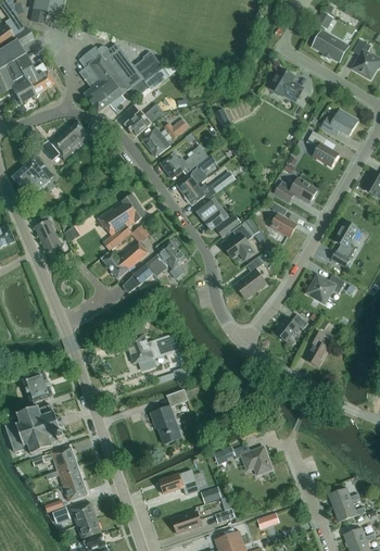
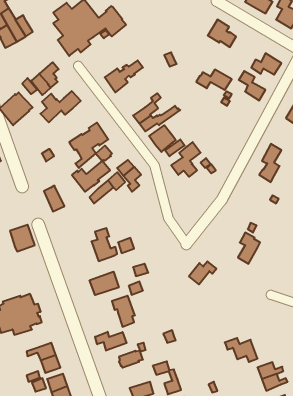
building: [126,108,161,137] -> none
building: [161,146,207,179] -> none
building: none -> [40,91,81,122]
building: [275,178,318,203] -> [196,70,232,90]
building: [270,204,297,238] -> none
building: [36,221,61,252] -> [44,186,64,212]
building: [236,256,266,299] -> none
building: [306,275,345,304] -> none
building: [275,314,308,342] -> [189,261,216,284]
building: [23,371,53,403] -> [10,225,35,251]
building: none -> [90,272,119,295]
building: [232,444,273,474] -> [225,338,258,362]
building: [33,446,77,471] -> none
building: none -> [95,332,127,351]

